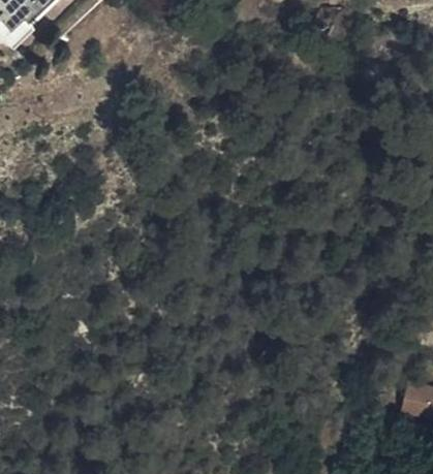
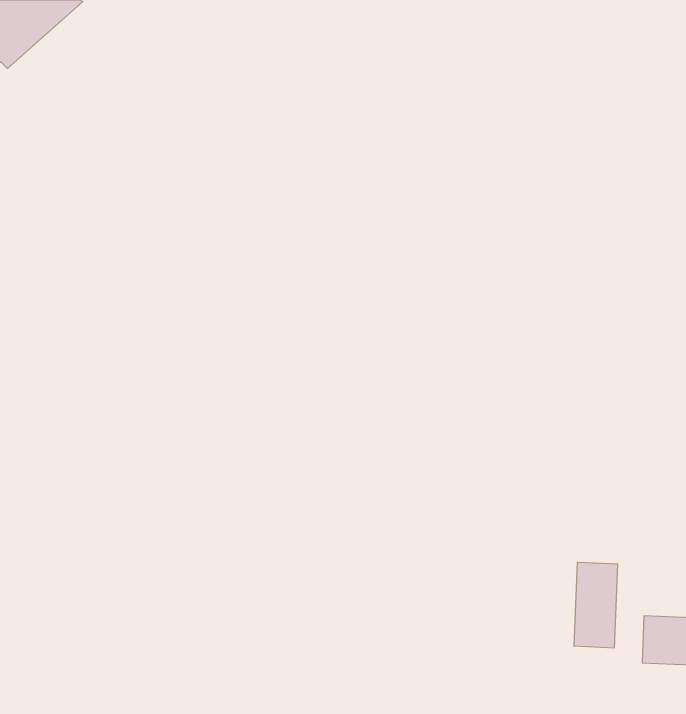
building: none -> [574,562,618,648]

